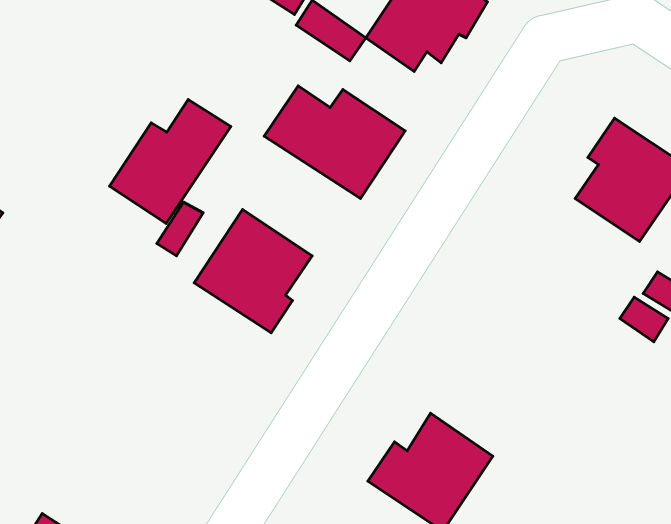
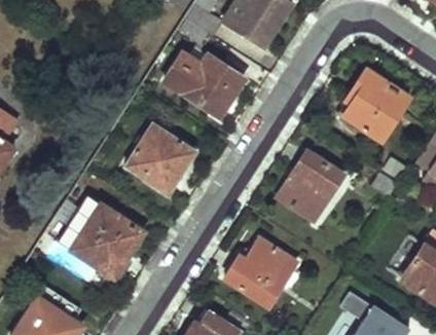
building: [110,99,231,223] -> none
building: none -> [279,150,343,218]
building: none -> [55,193,143,275]

